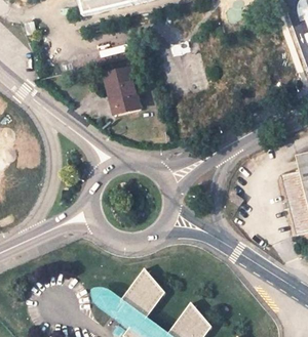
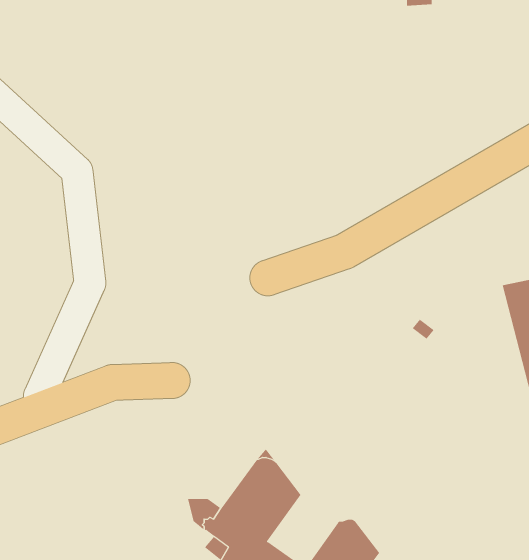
building: [104,71,137,113] -> none

